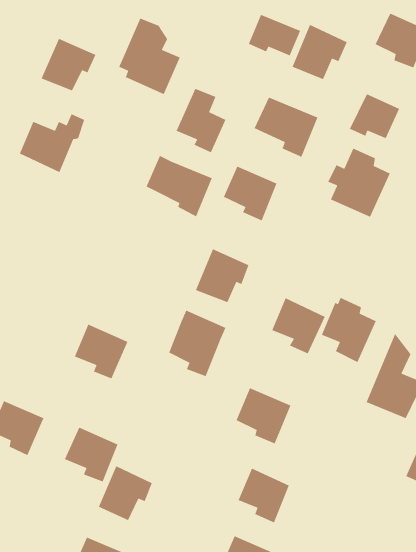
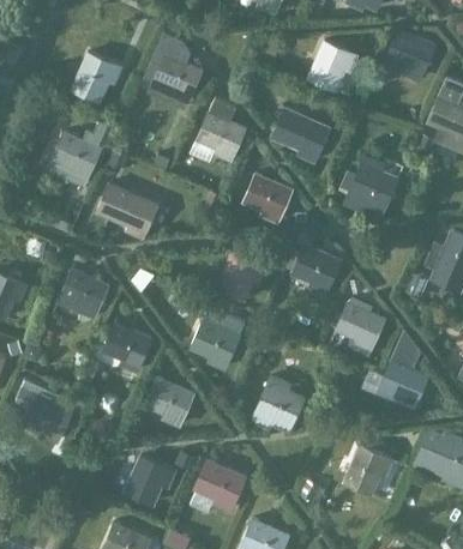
building: [248,14,301,57] -> none
building: [349,93,400,139] -> none
building: [145,155,213,217] -> [95,182,158,241]
building: none -> [56,266,109,320]
building: [271,297,326,355] -> [290,242,342,296]
building: [64,426,118,482] -> [143,375,194,428]
building: none -> [342,444,395,495]
building: [238,467,290,524] -> [197,460,246,513]

